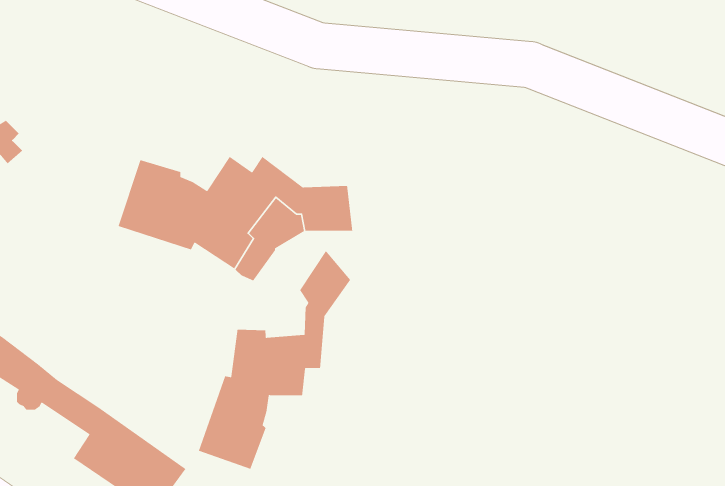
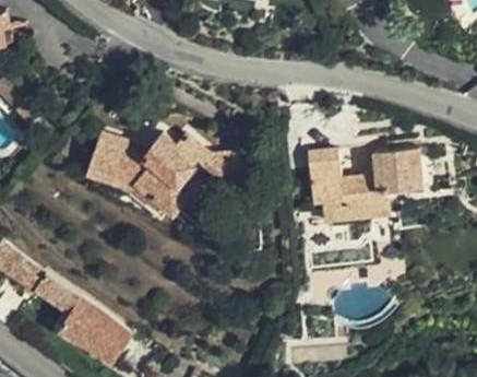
building: none -> [309,149,416,224]
building: [198,250,351,470] -> none

